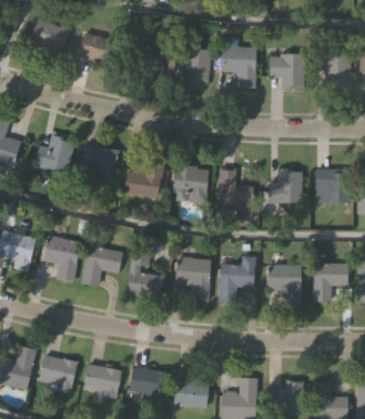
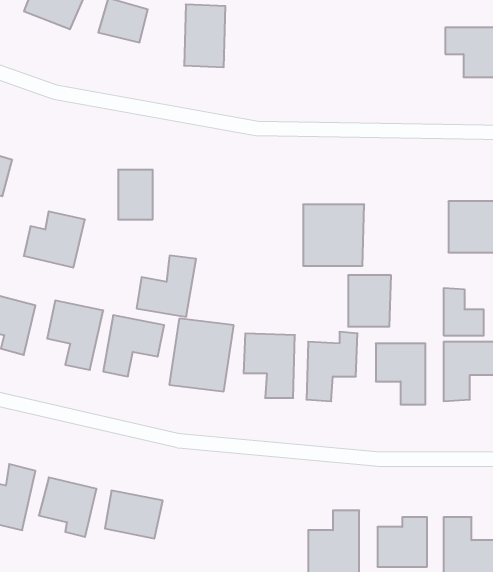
building: [222,47,257,89] -> none
building: [180,49,212,82] -> none
building: [270,54,302,89] -> none
building: [36,136,77,174] -> [24,211,85,268]
building: [125,157,165,198] -> [137,256,196,317]
building: [173,165,211,203] -> none
building: [273,171,302,205] -> [348,275,391,327]
building: none -> [444,288,484,336]
building: [134,367,169,399] -> none
building: [175,374,207,407] -> none

